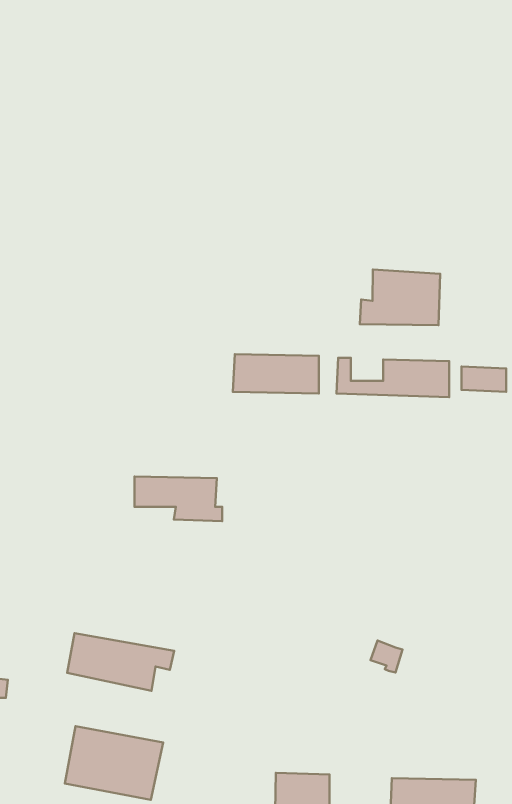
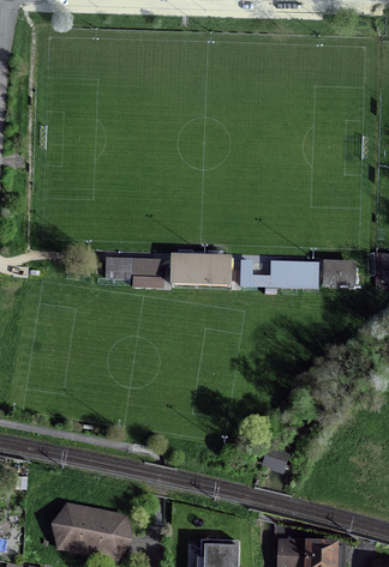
building: [360,269,440,325] -> none
building: [135,476,222,521] -> [104,257,163,286]
building: [67,633,174,691] -> none

